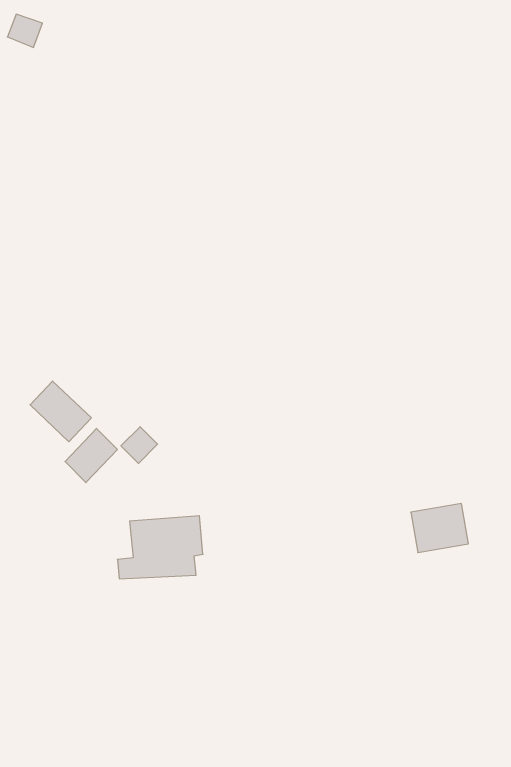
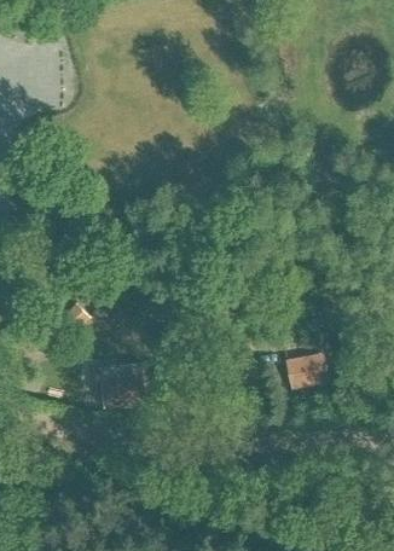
building: [30,381,91,442] -> none

